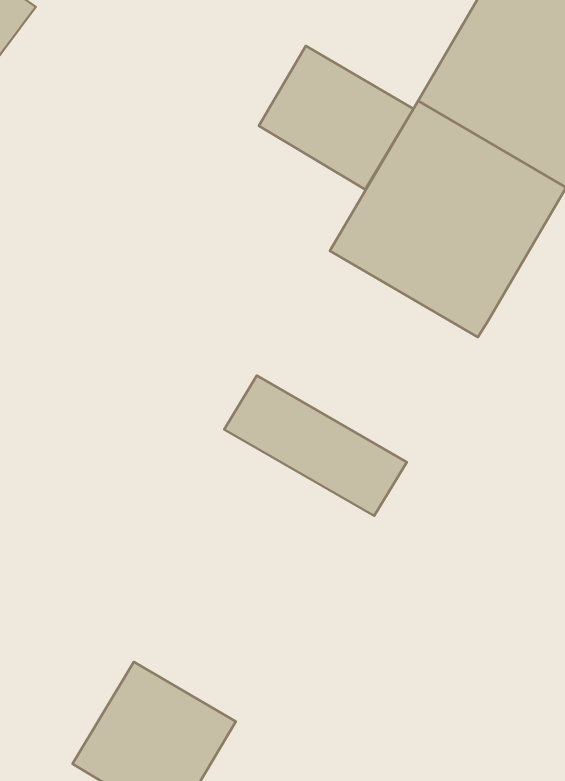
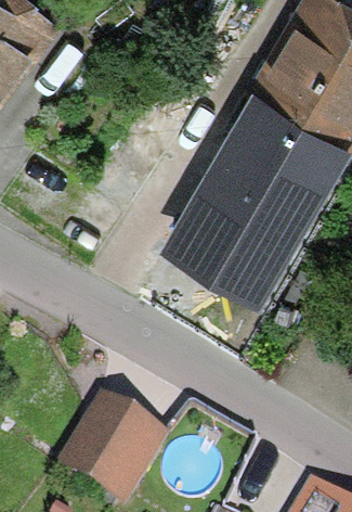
building: [259,46,413,190] -> none
building: none -> [175,164,300,283]

